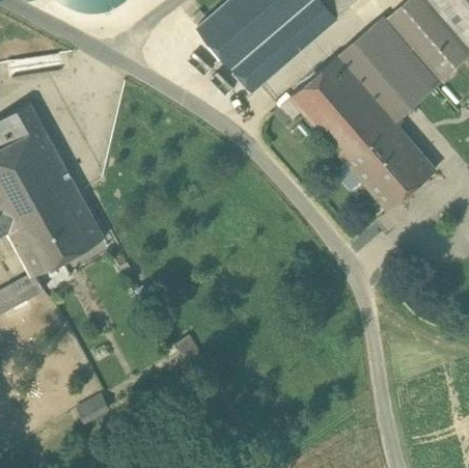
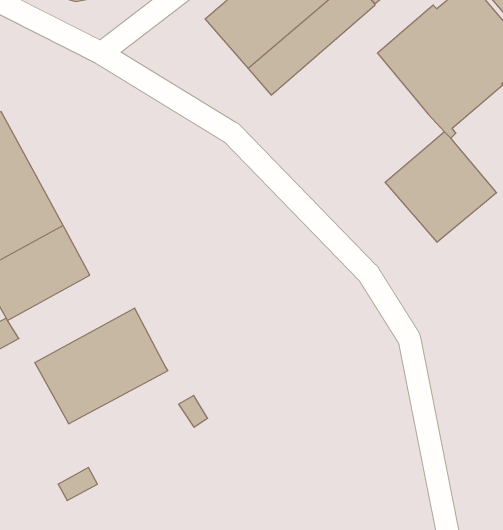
building: [289,56,393,162] -> none
building: none -> [35,308,168,424]

